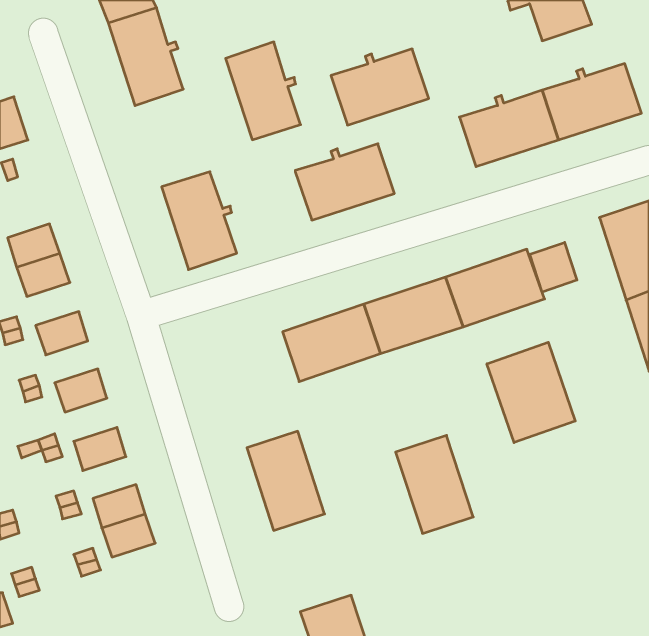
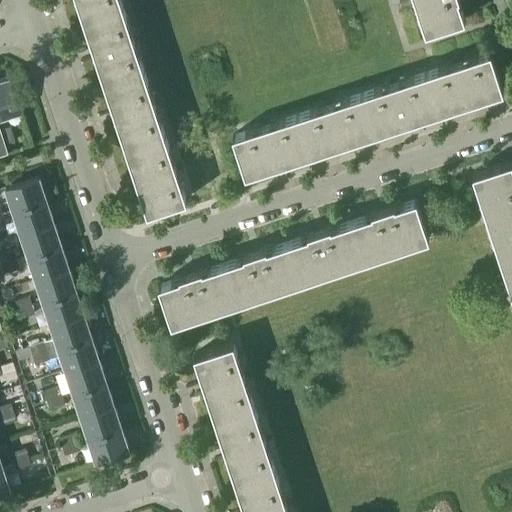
building: [226,42,301,140] -> [106,81,165,158]
building: [331,49,429,125] -> [297,103,374,163]
building: [530,242,577,292] -> none
building: none -> [21,233,62,267]
building: none -> [157,272,235,332]
building: none -> [36,279,77,312]
building: [487,342,575,443] -> none
building: none -> [51,324,92,358]
building: [396,435,473,533] -> [215,415,276,492]
building: none -> [65,370,107,403]
building: none -> [88,438,129,472]

